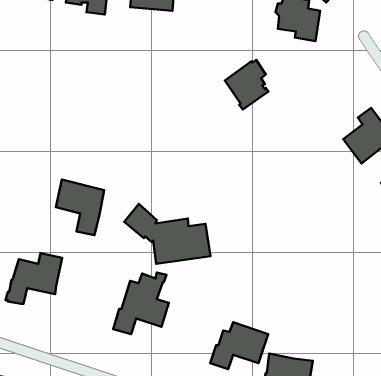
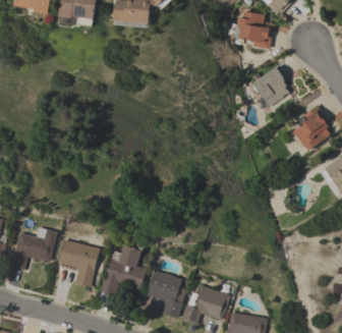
building: [225,60,268,110] -> [252,65,289,107]
building: [56,179,104,235] -> [57,239,98,286]
building: [124,204,210,264] -> none
building: none -> [145,270,185,318]

